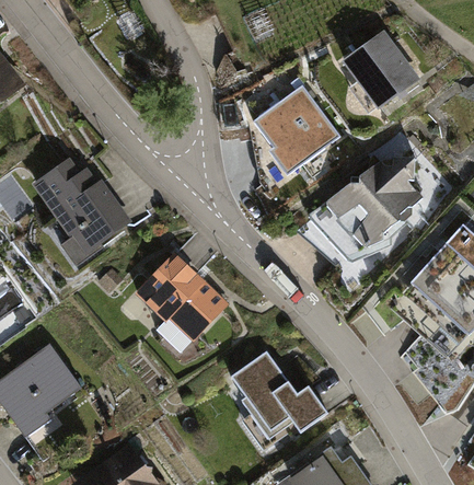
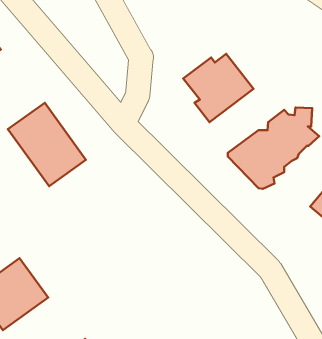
building: [345,34,415,106] -> none
building: [140,259,222,340] -> none
building: [232,355,326,437] -> none

